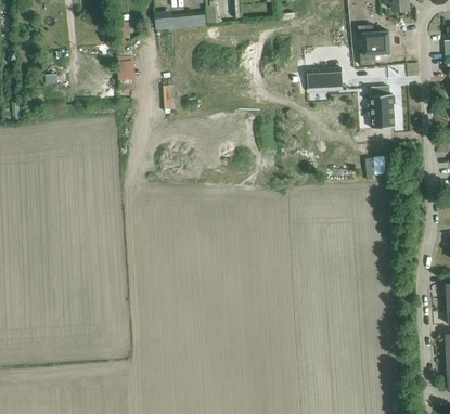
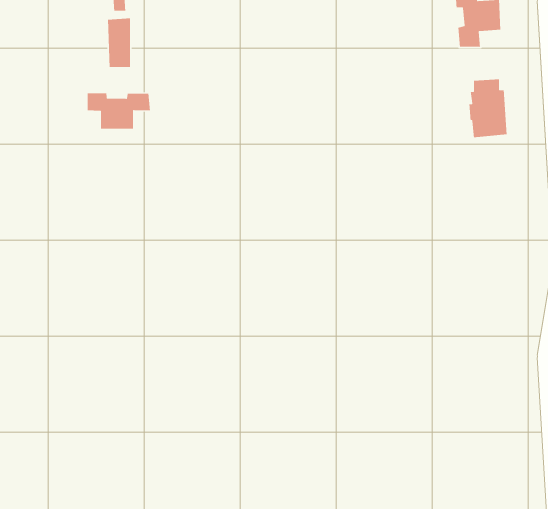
building: [308,67,343,90] -> none
building: none -> [87,93,151,130]

